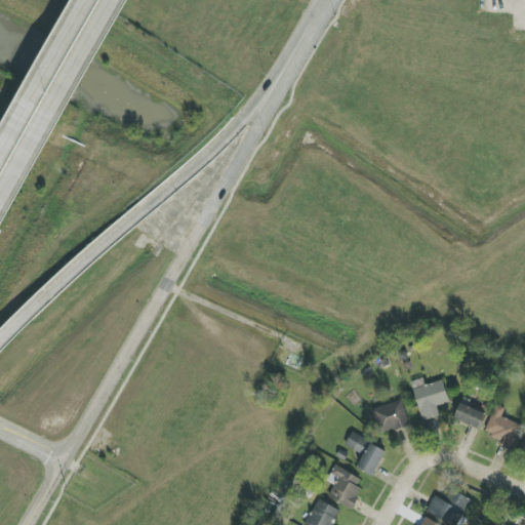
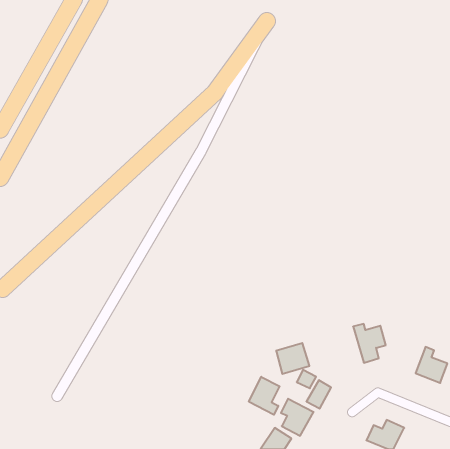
building: [371,399,410,435] -> [276,343,309,374]
building: [454,403,486,429] -> none
building: none -> [249,377,280,415]

